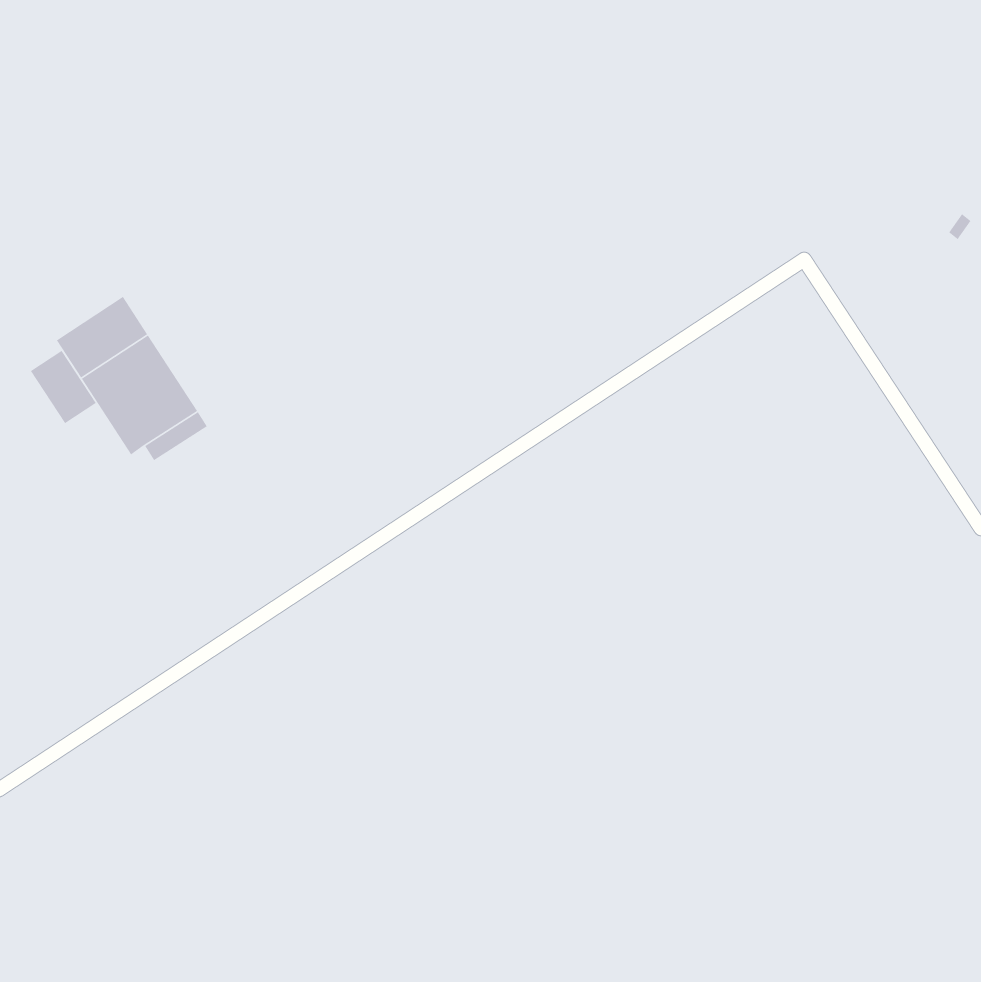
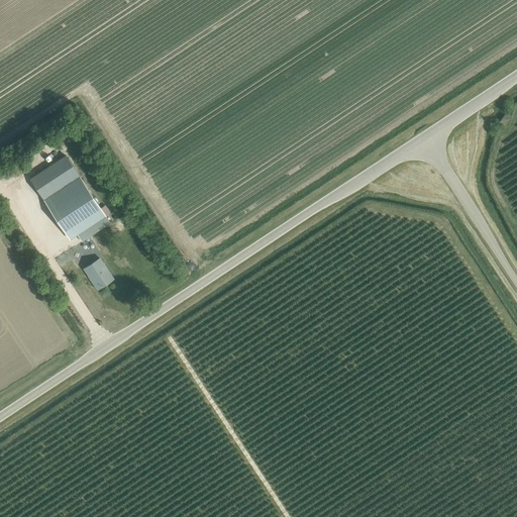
building: [30,350,97,424] -> none
building: none -> [83,258,112,290]

